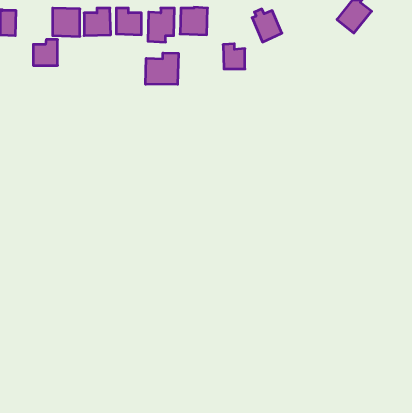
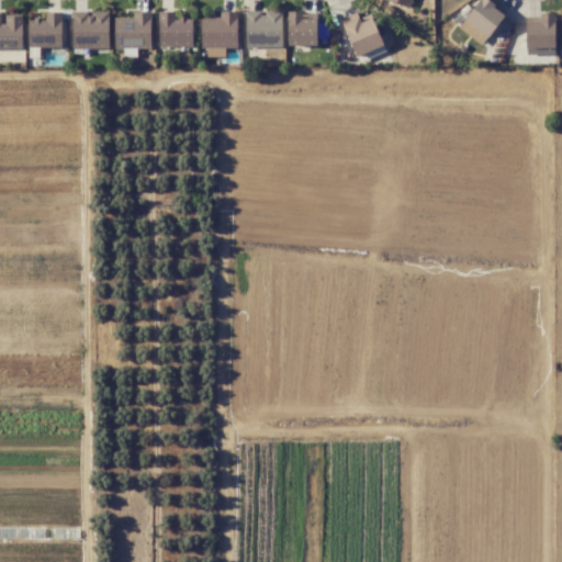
building: none -> [526,19,555,55]
building: [33,40,58,65] -> [29,12,61,47]
building: [223,44,245,69] -> [288,11,317,45]
building: [146,53,178,84] -> none

